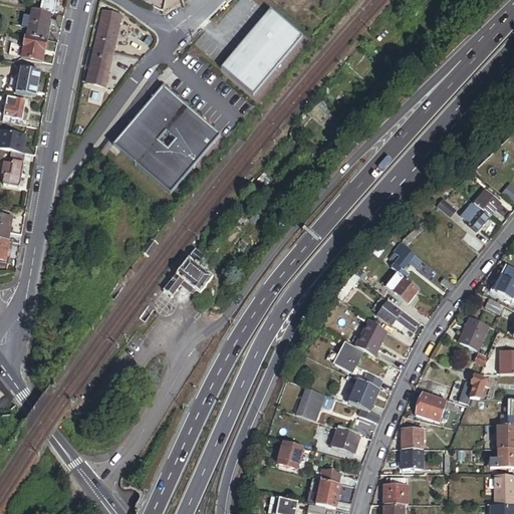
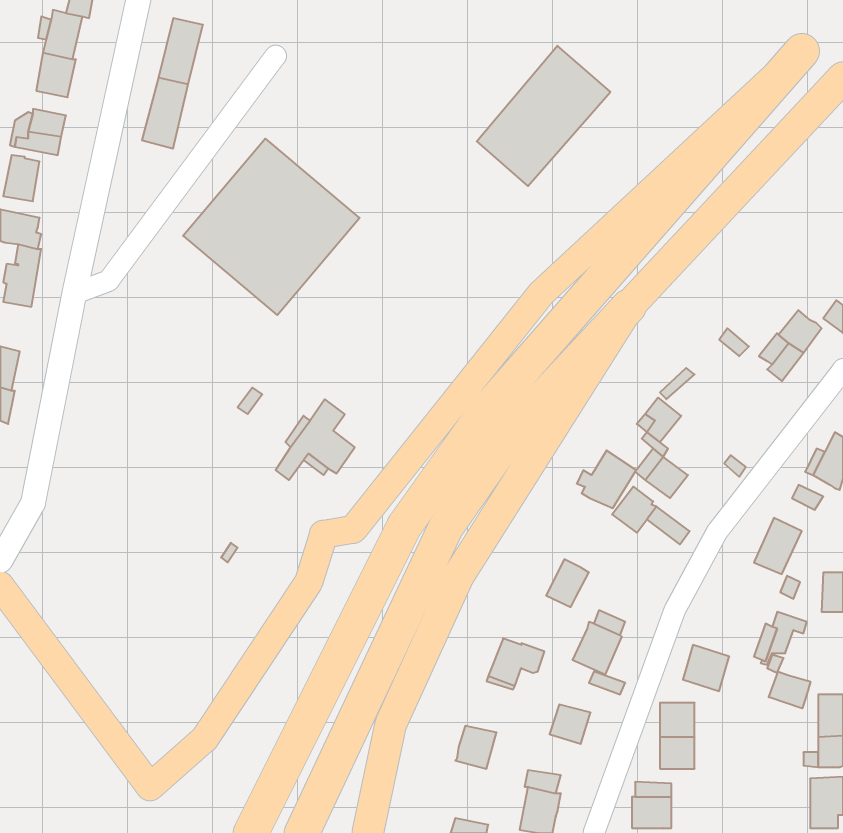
building: [221,7,302,92] -> [477,46,610,186]
building: [350,319,387,354] -> [577,450,636,508]
building: none -> [769,672,810,708]

